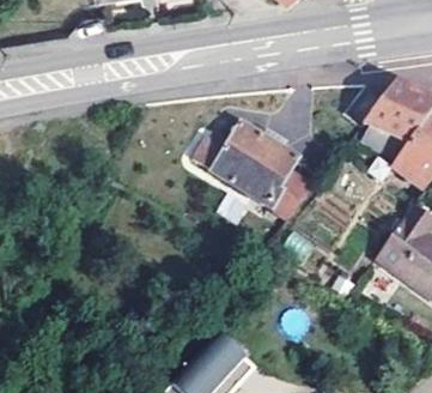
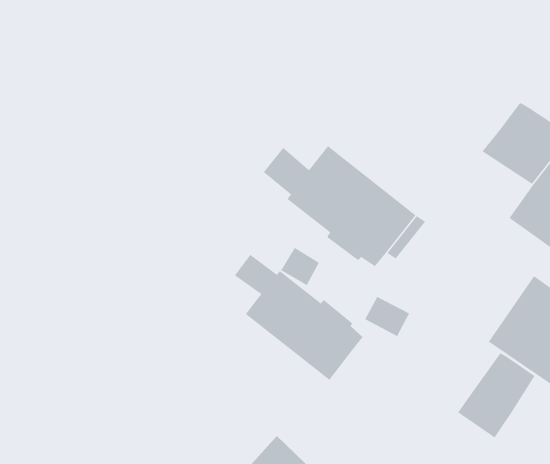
building: none -> [234,254,364,381]
building: none -> [457,352,536,438]

